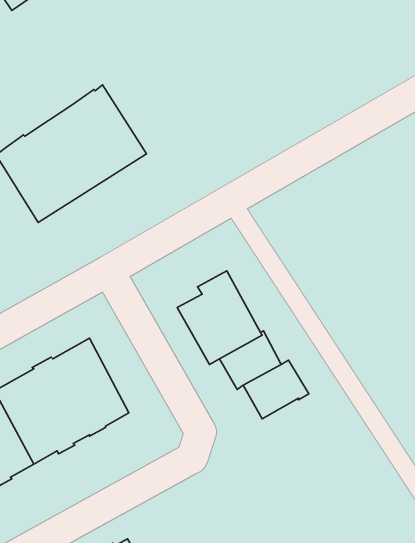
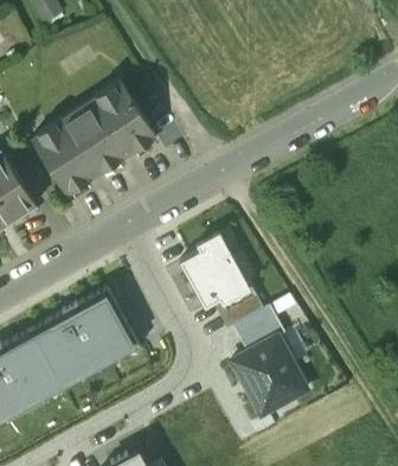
building: none -> [231,337,308,416]

